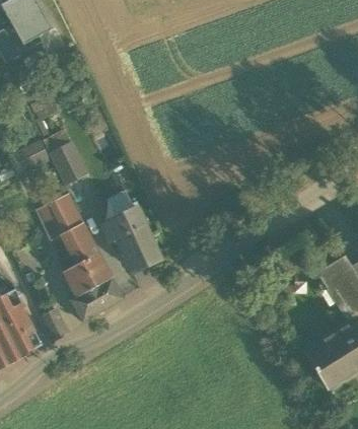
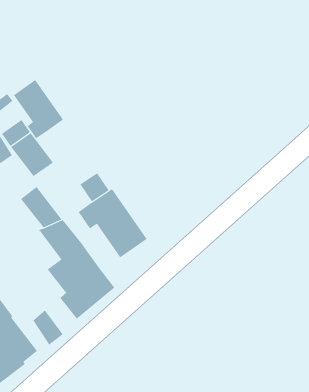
building: none -> [13,79,64,139]
building: [35,202,66,240] -> none

